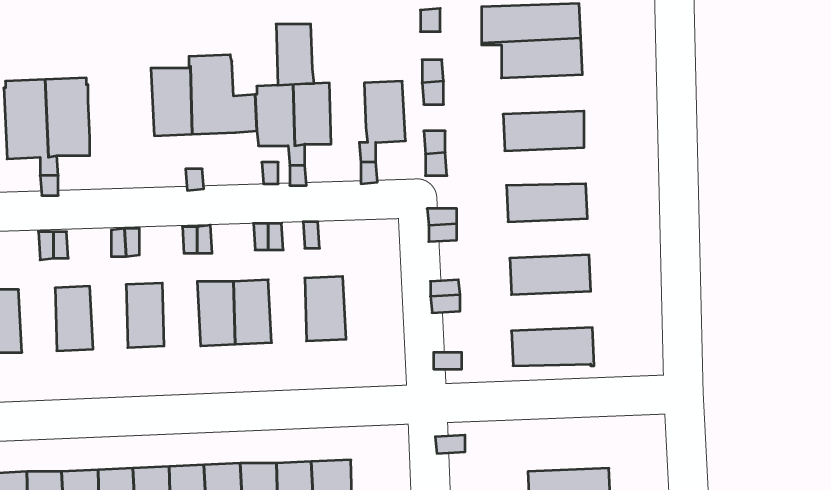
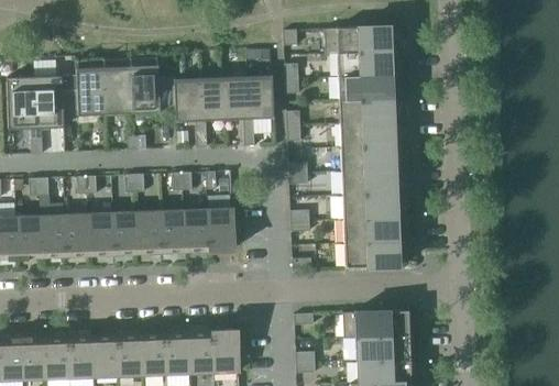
building: [276,24,314,85] -> [223,78,249,119]
building: none -> [63,68,107,114]
building: none -> [338,73,393,99]
building: none -> [340,121,394,146]
building: none -> [342,168,396,195]
building: none -> [183,208,208,251]
building: none -> [112,210,138,253]
building: none -> [64,212,89,255]
building: none -> [17,214,42,257]
building: none -> [344,217,398,243]
building: none -> [342,309,409,337]

